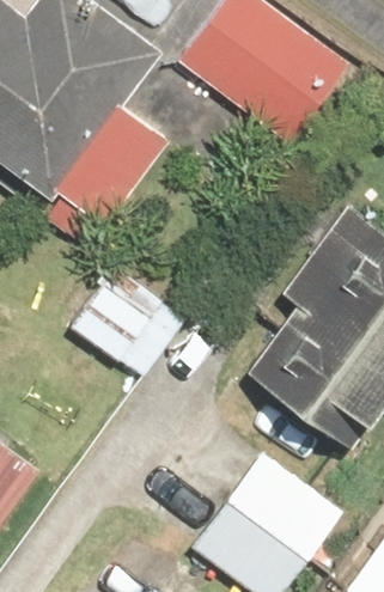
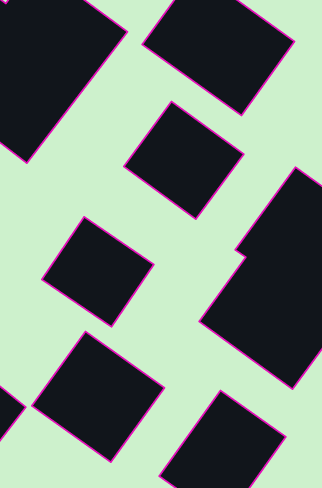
building: none -> [124,101,244,219]
building: none -> [32,331,165,462]

